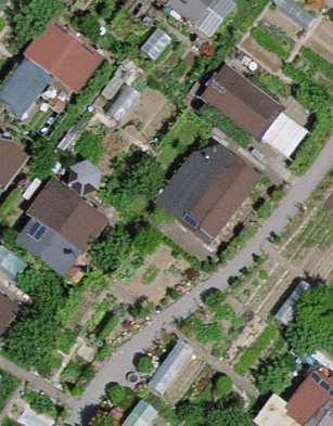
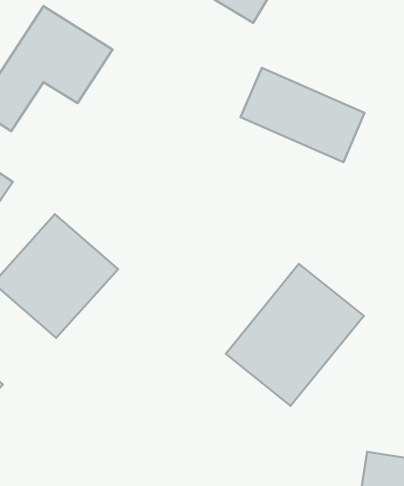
building: [155,134,261,244] -> [226,264,364,406]

